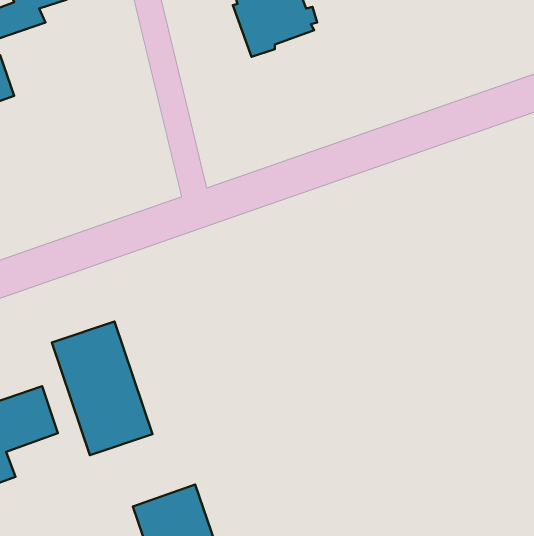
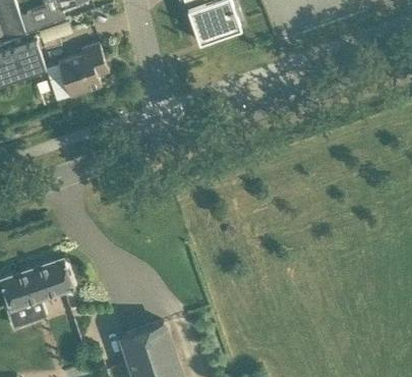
building: none -> [48,44,108,102]
building: [52,322,153,455] -> none

